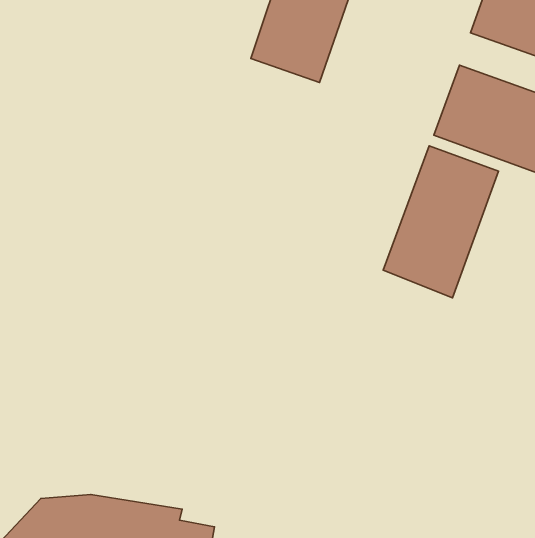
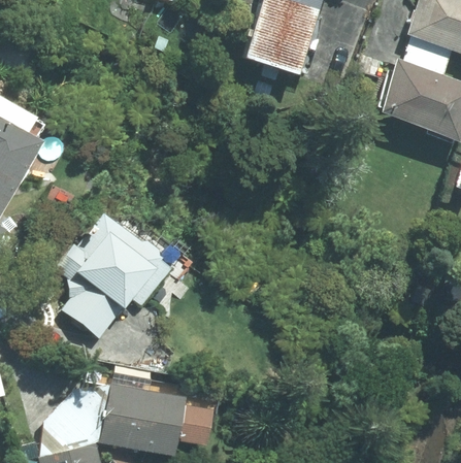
building: [383,146,499,298] -> none
building: none -> [53,219,170,338]

